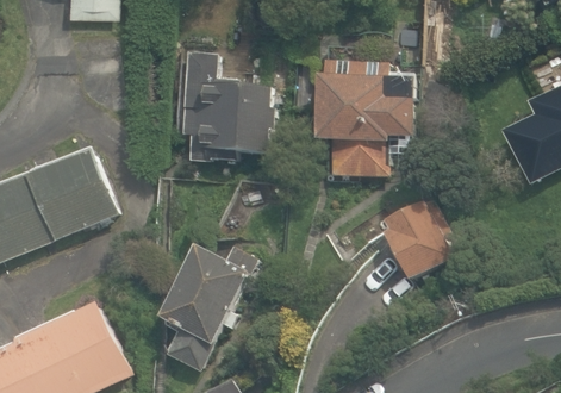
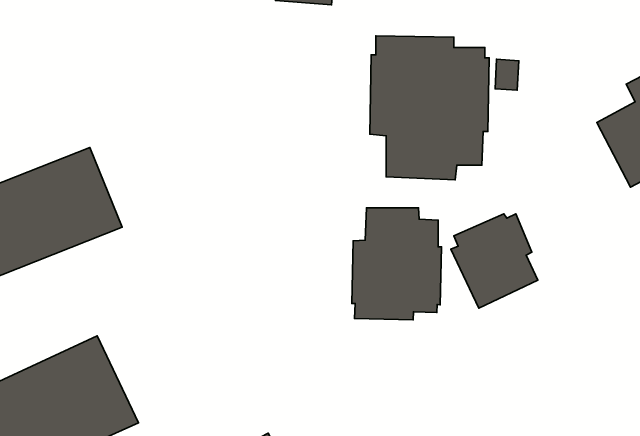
building: [183,52,273,162] -> none
building: none -> [352,208,441,320]
building: [164,247,257,372] -> none

